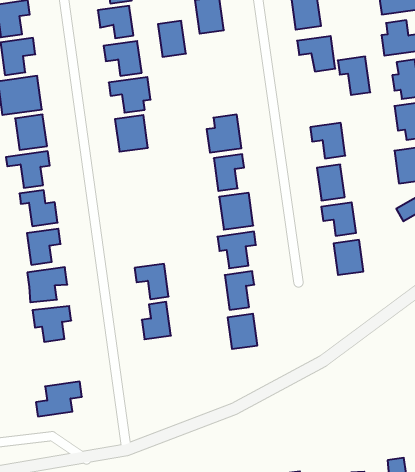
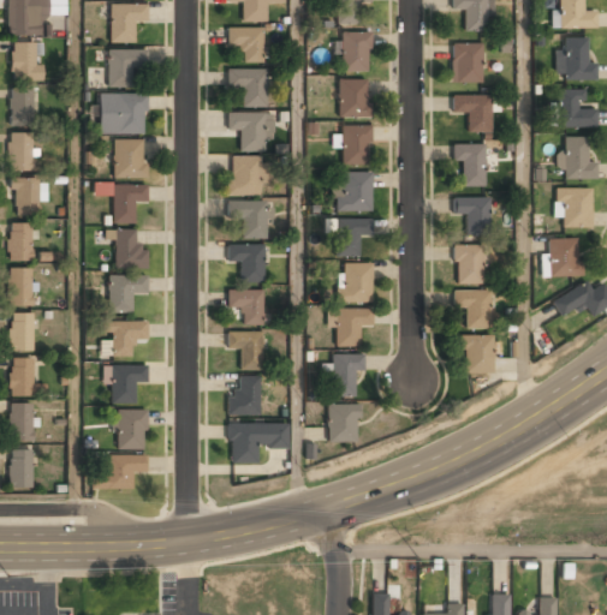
building: [158,21,186,57] -> [341,78,369,117]
building: [338,57,370,95] -> [454,144,487,186]
building: none -> [344,125,371,165]
building: none -> [230,199,269,238]
building: none -> [230,244,267,282]
building: none -> [230,289,266,326]
building: none -> [231,423,290,464]
building: none -> [117,410,148,448]

